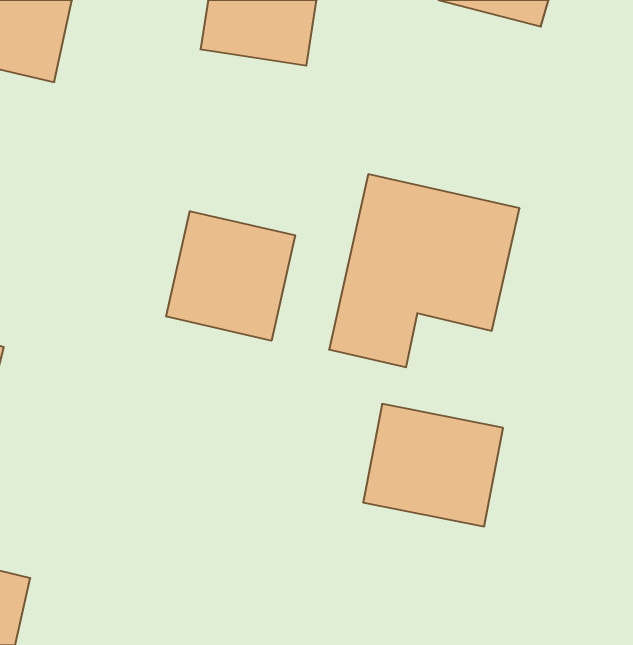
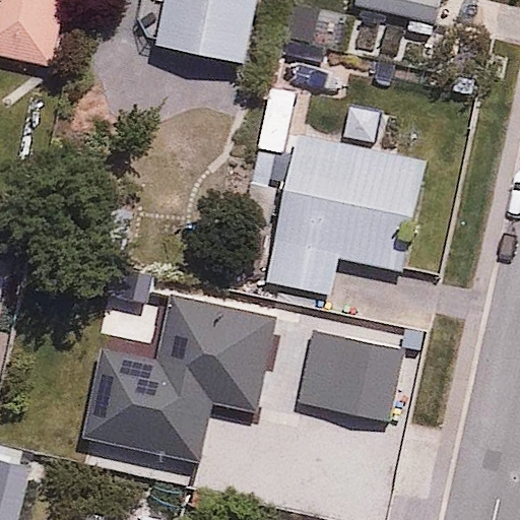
building: [166,211,295,341] -> none
building: none -> [80,294,271,463]

